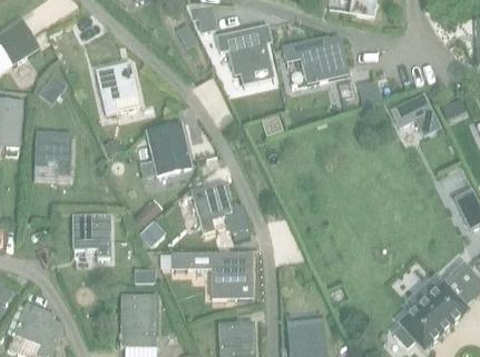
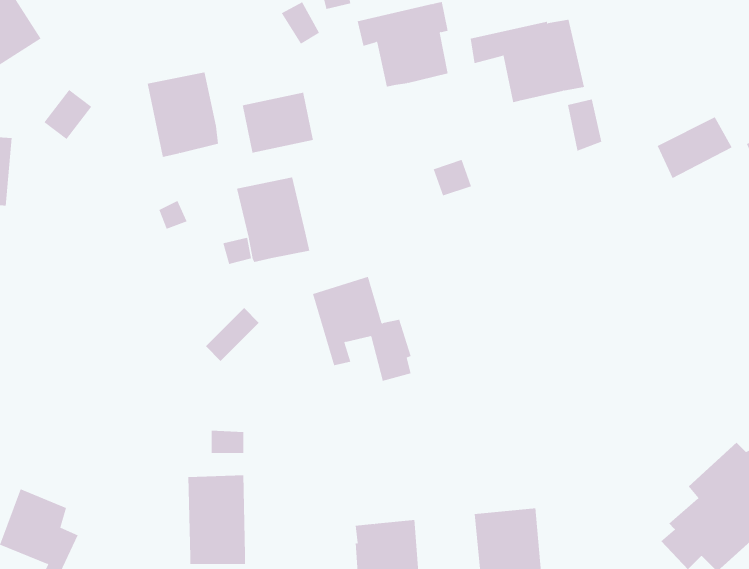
building: none -> [242,92,313,154]
building: [33,130,71,175] -> none
building: [74,214,110,257] -> none
building: [172,252,252,299] -> none

